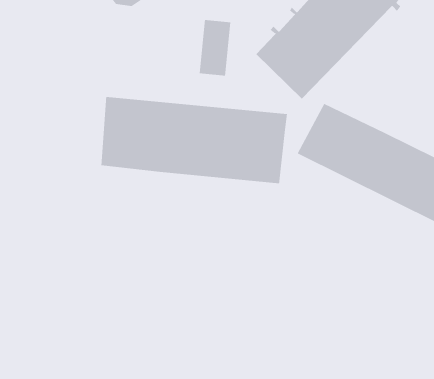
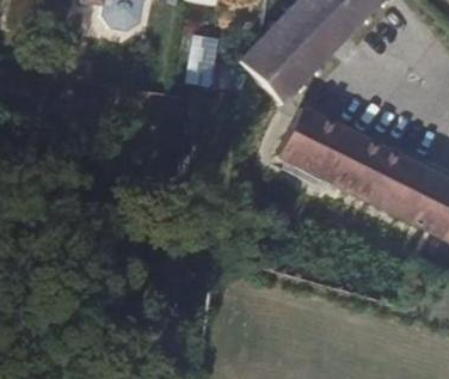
building: [101,96,287,184] -> none

